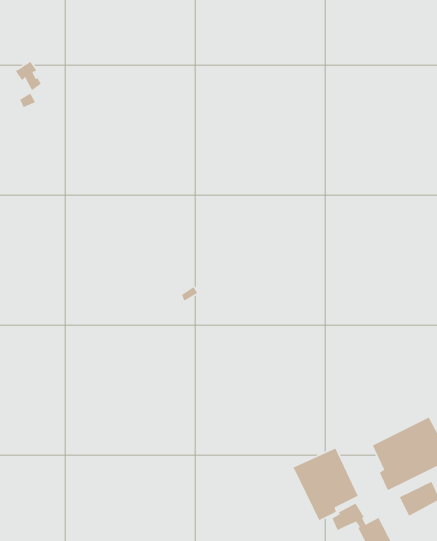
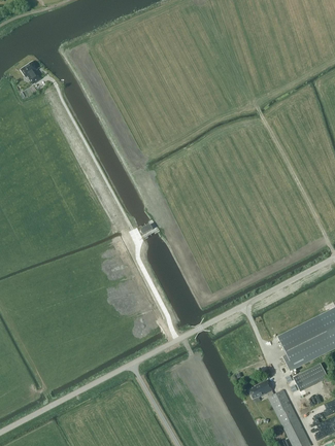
building: [293,448,359,521] -> none

